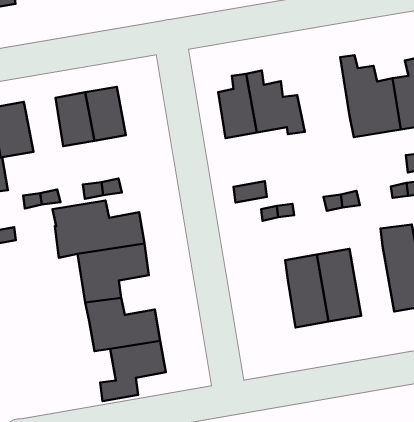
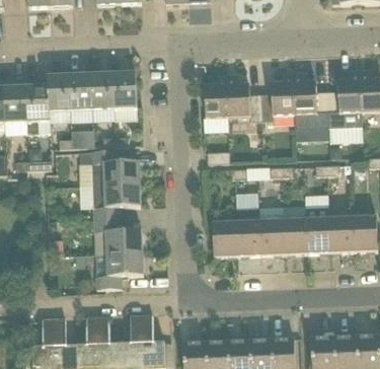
building: none -> [259,73,294,122]
building: none -> [69,75,92,110]
building: none -> [282,206,307,254]
building: none -> [213,223,237,257]

